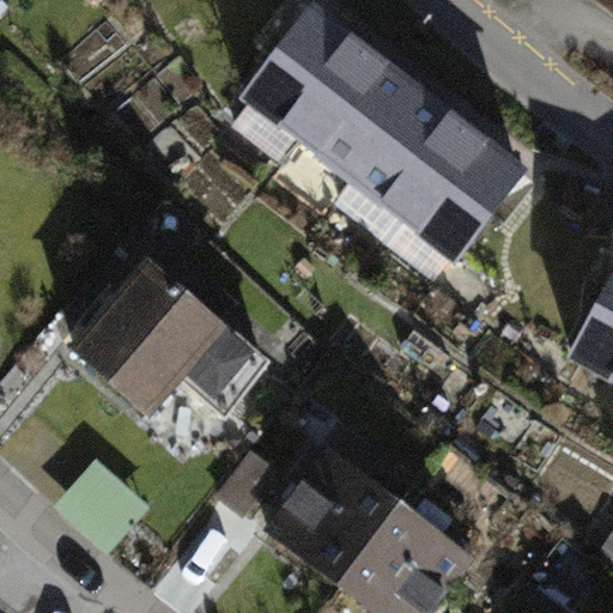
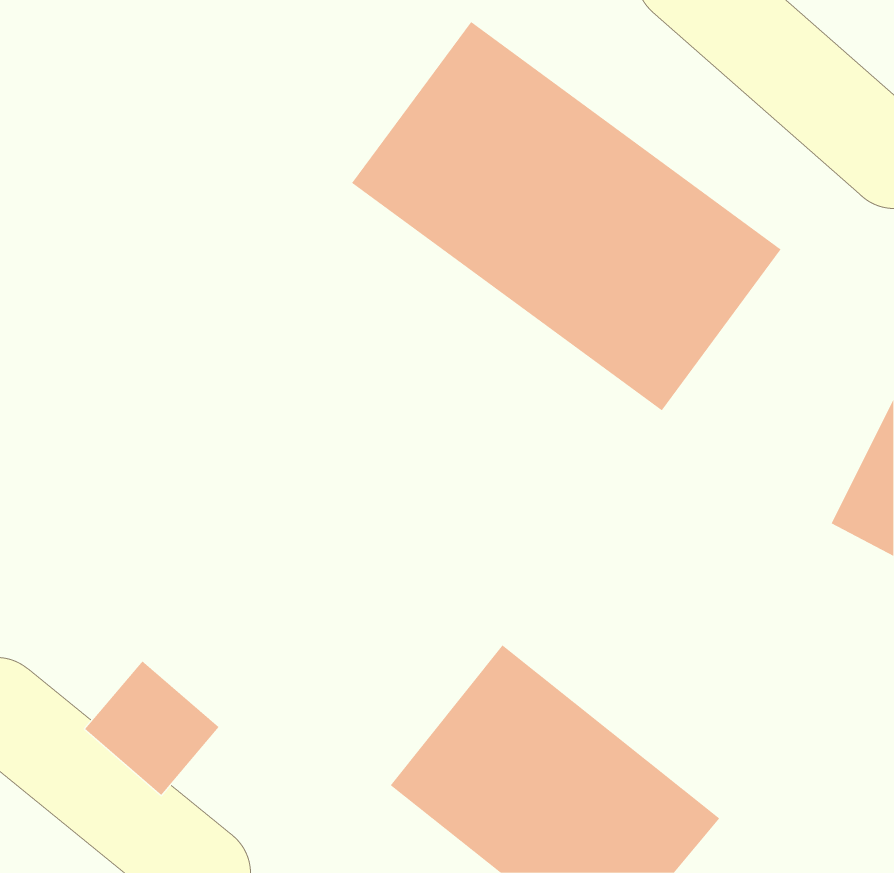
building: [56,247,268,457] -> none

